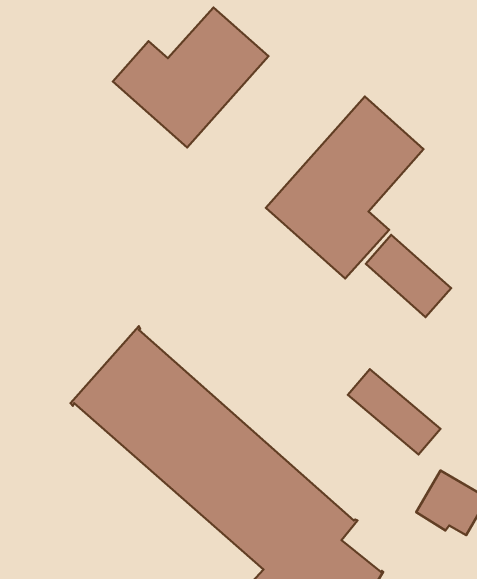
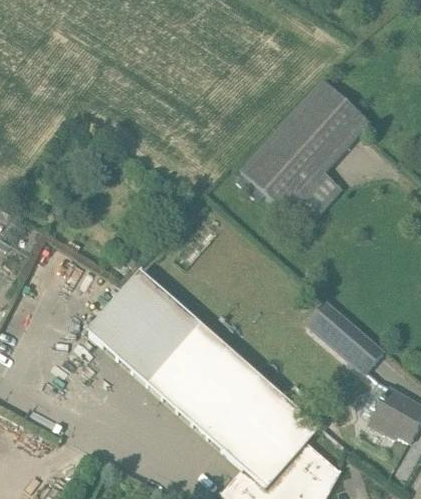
building: [113,7,269,148] -> none
building: [366,235,451,317] -> none

